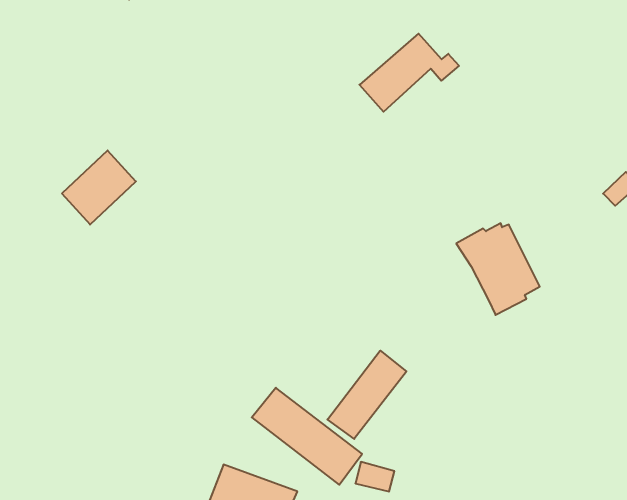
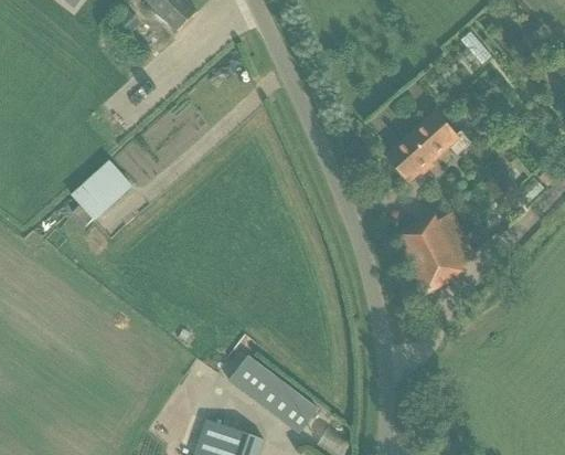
building: [359,34,459,112] -> [388,115,470,179]
building: [327,351,406,439] -> none

